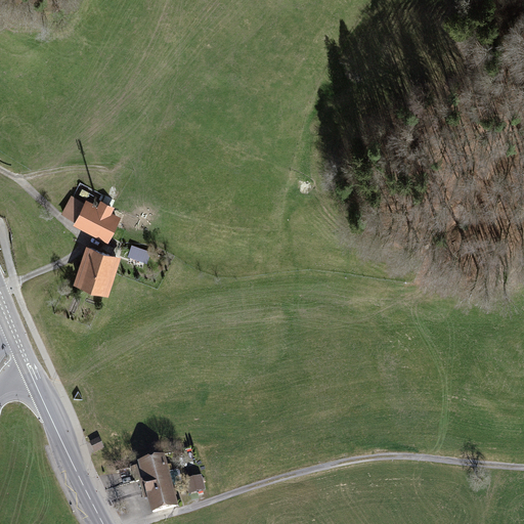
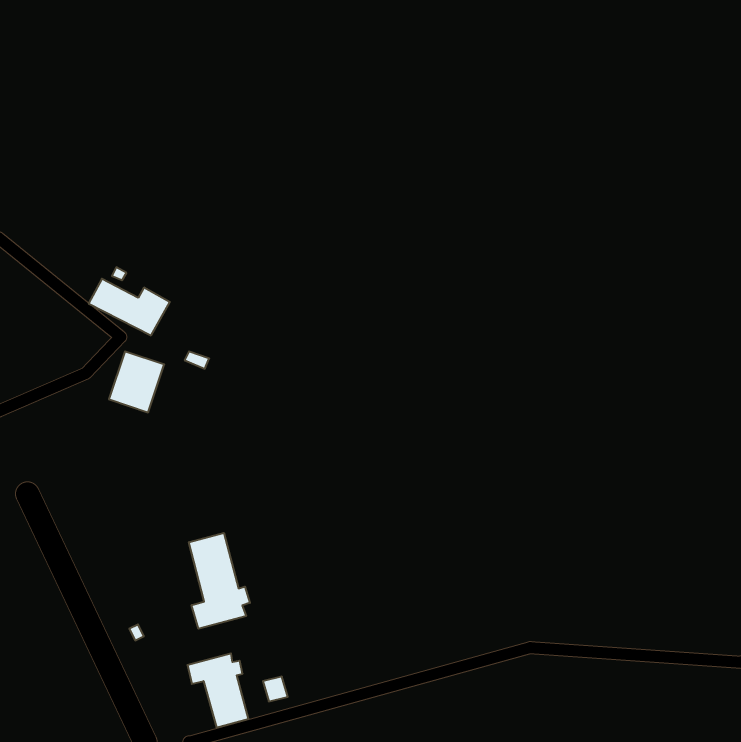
building: none -> [189,533,250,629]

